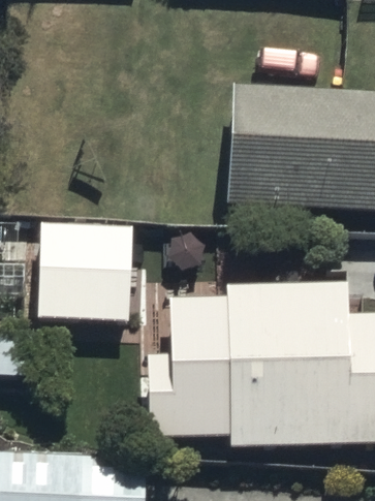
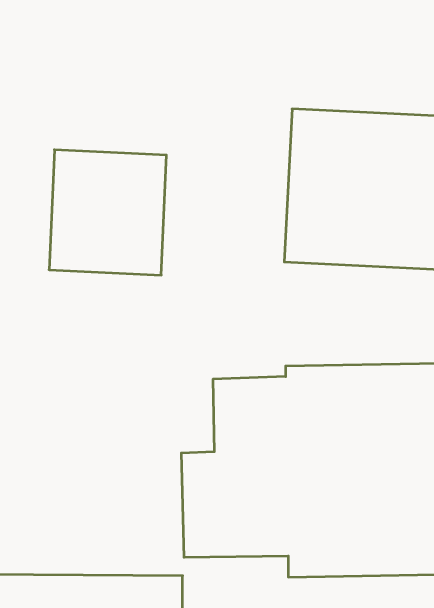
building: [39,224,131,322] -> [49,150,166,275]

